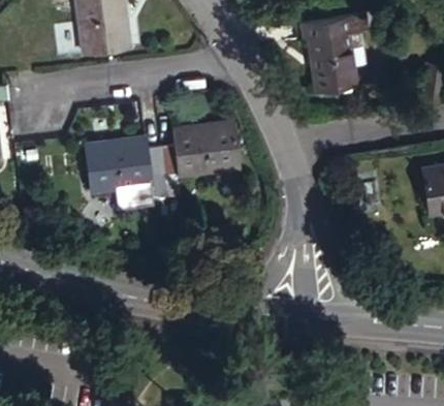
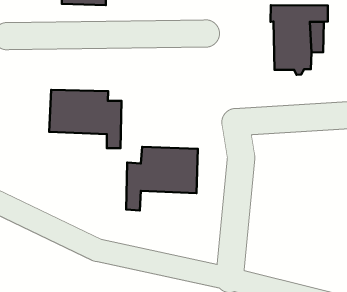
building: [159,122,236,196] -> [126,147,198,210]

